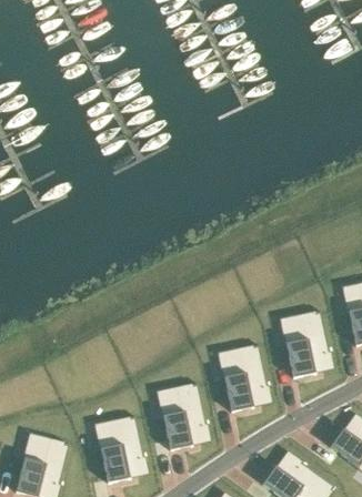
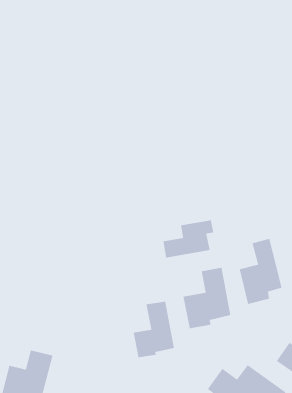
building: none -> [163,219,214,259]
building: [95,416,141,479] -> none

